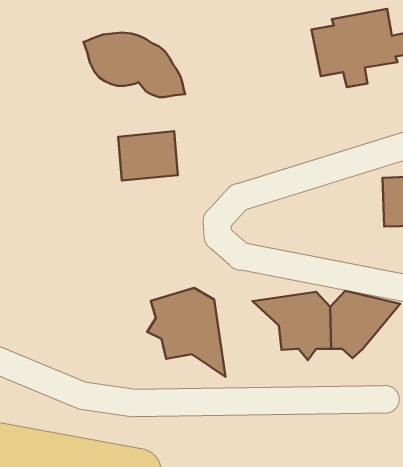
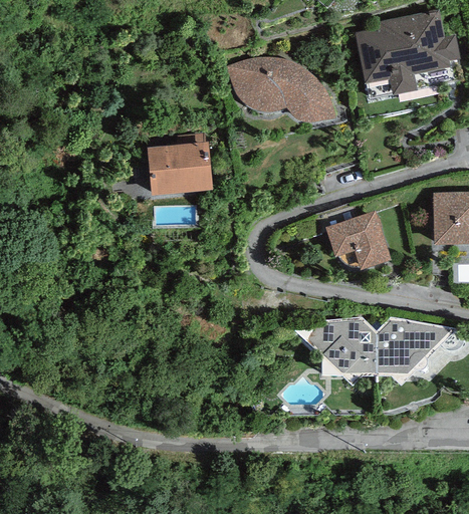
building: [83,33,185,97] -> [226,53,335,122]
building: none -> [316,201,390,270]
building: [147,288,225,377] -> none

